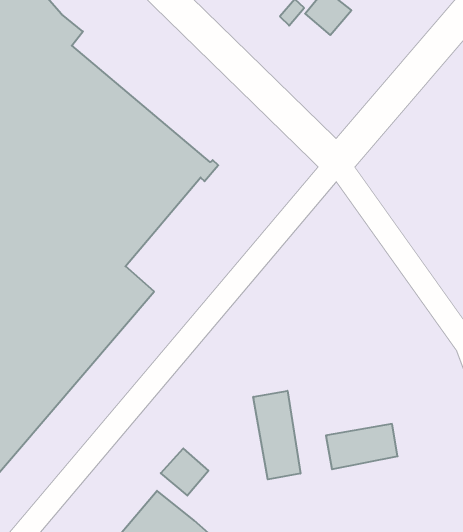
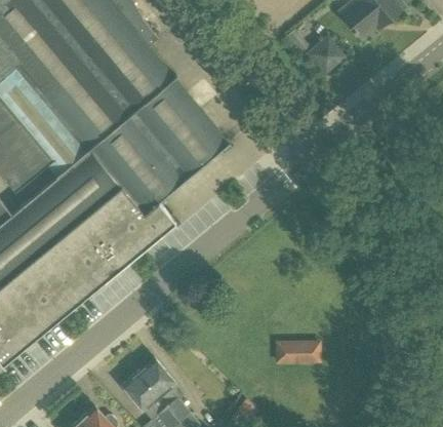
building: [253,391,300,479] -> none
building: [161,448,208,496] -> none

